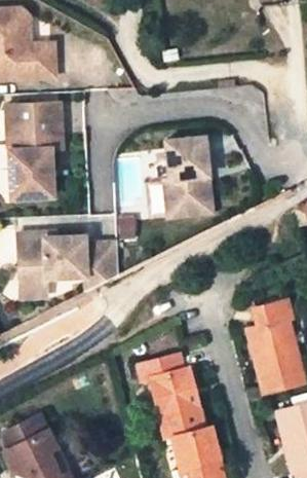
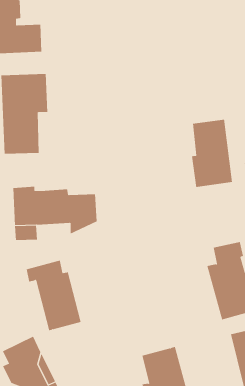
building: [163,136,213,217] -> [191,119,233,187]
building: [140,354,205,438] -> [26,260,81,331]

